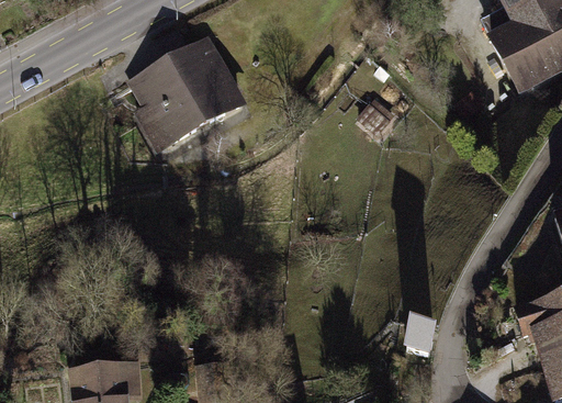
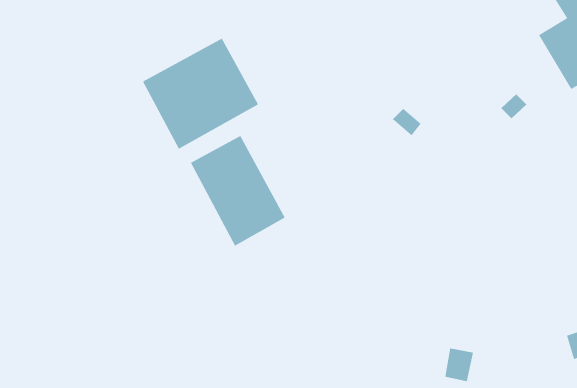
building: none -> [190,135,286,246]

